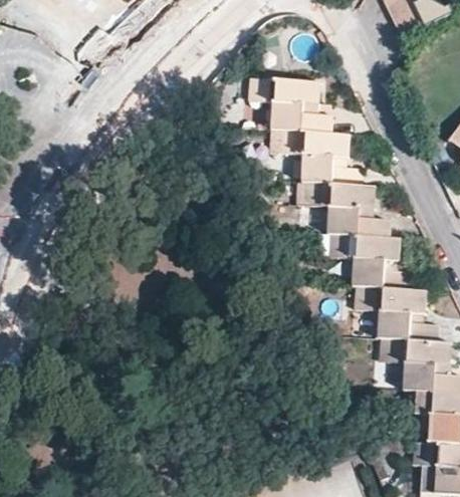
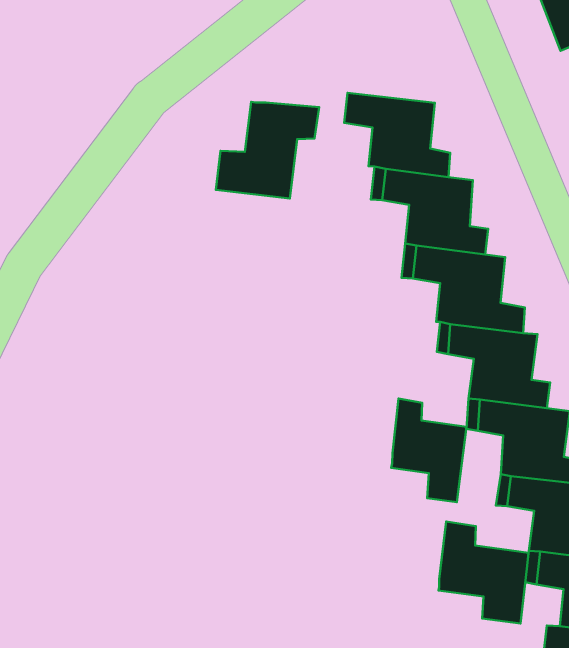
building: none -> [216,102,319,198]
building: none -> [391,399,466,502]
building: none -> [439,521,528,623]

